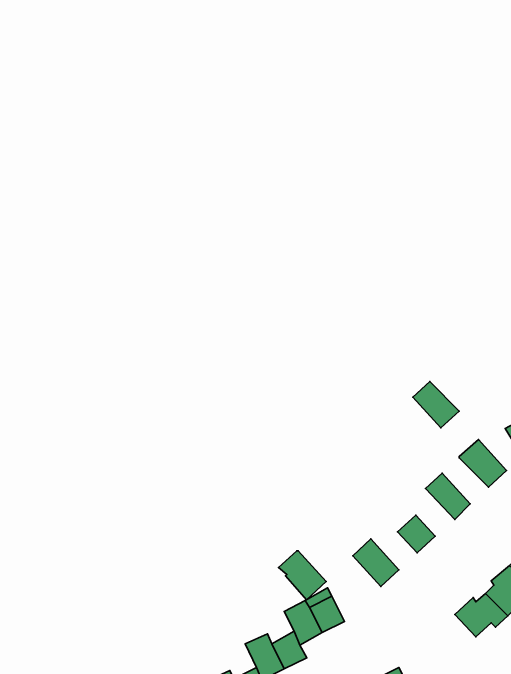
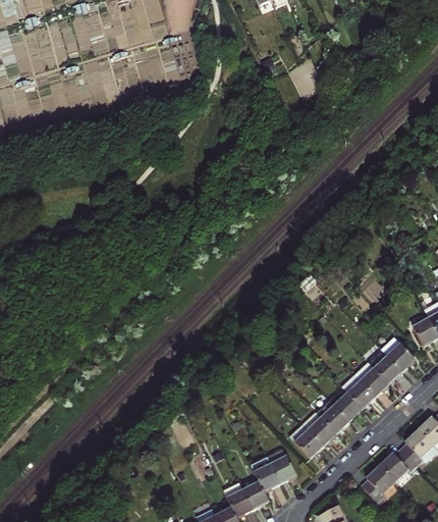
building: [413,382,459,428] -> [368,353,401,386]
building: none -> [341,375,377,410]
building: none -> [316,400,349,434]
building: [279,551,326,600] -> [288,424,323,460]
building: none -> [360,467,392,505]

